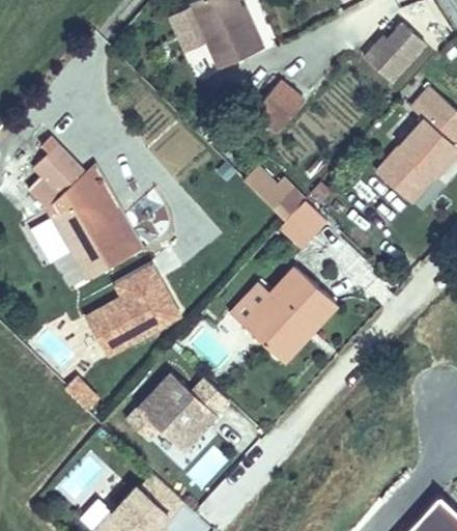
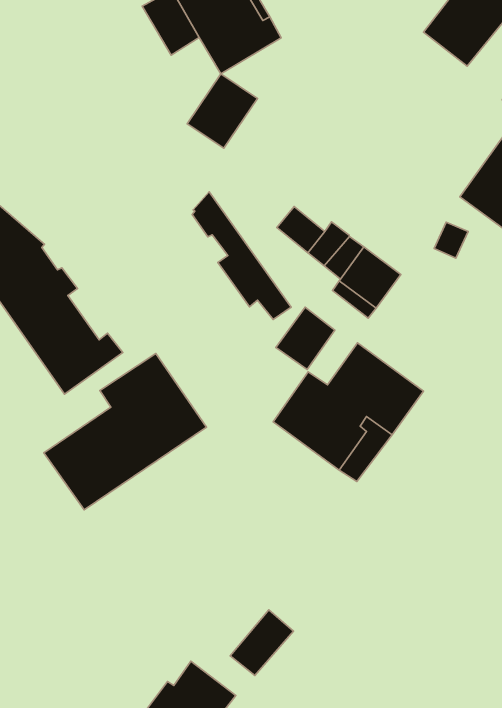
building: [253,80,304,132] -> [187,74,258,148]
building: [82,162,144,255] -> [192,192,291,319]
building: none -> [276,307,335,370]
building: [126,372,229,450] -> none

